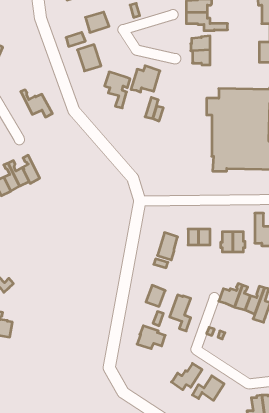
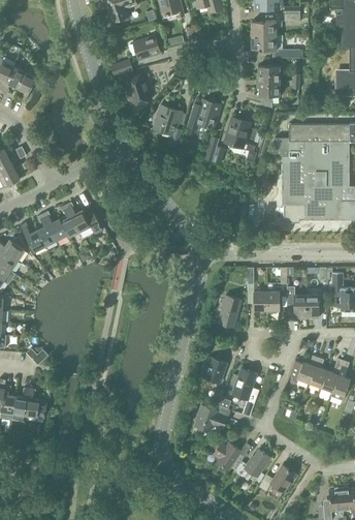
building: none -> [225,117,251,147]
building: [21,90,52,117] -> [66,202,103,234]
building: none -> [213,441,245,469]

